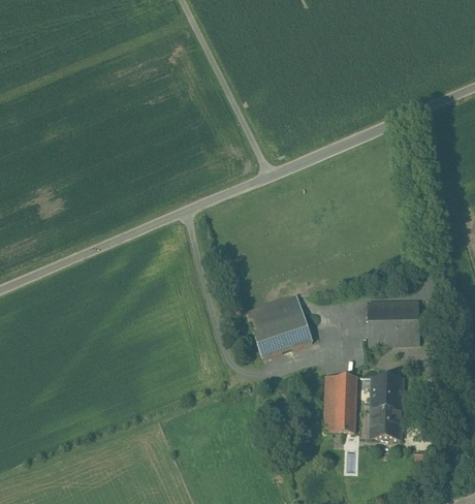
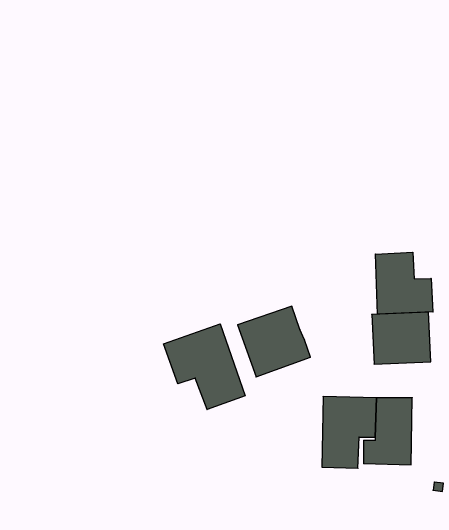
building: none -> [375,252,433,314]
building: none -> [163,324,245,410]

